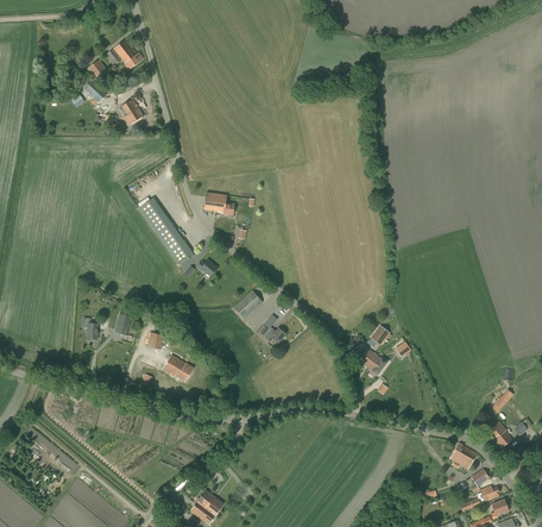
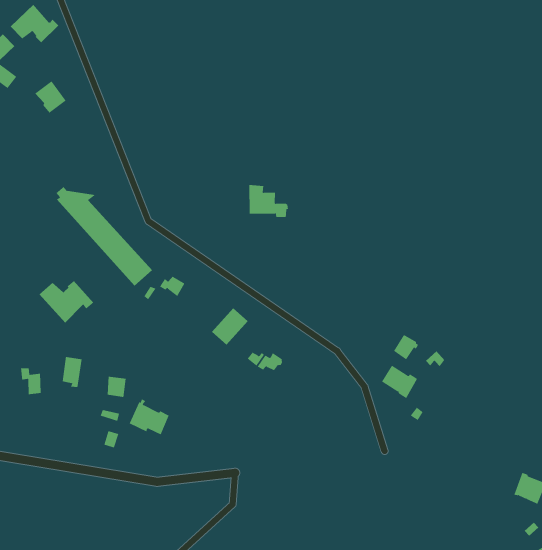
building: [204,186,235,214] -> [249,185,289,217]
building: none -> [39,280,94,324]

